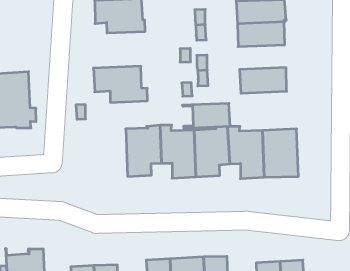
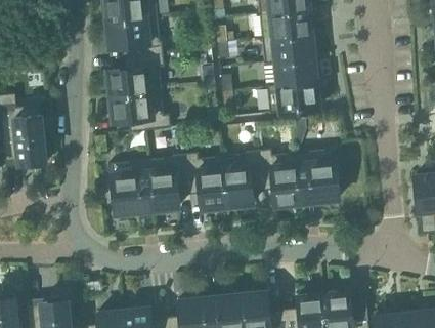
building: none -> [108,53,165,96]
building: [182,103,230,128] -> [265,58,318,88]
building: none -> [113,160,155,214]

